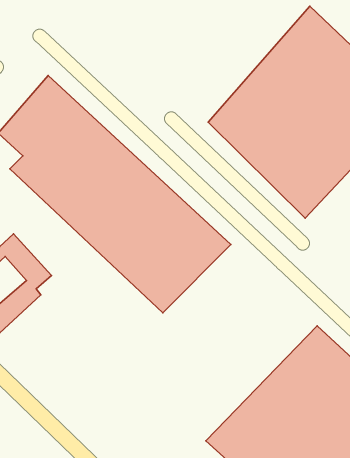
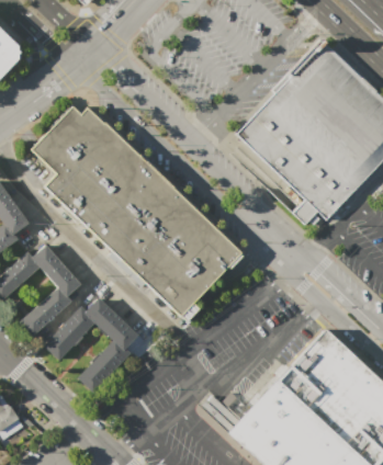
building: none -> [45,298,139,393]

